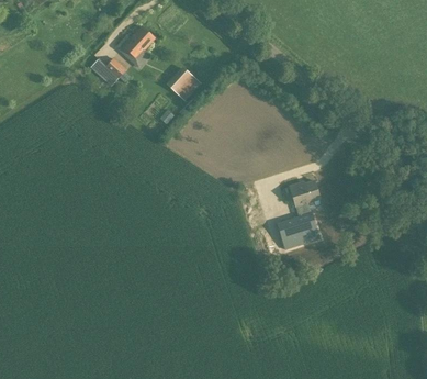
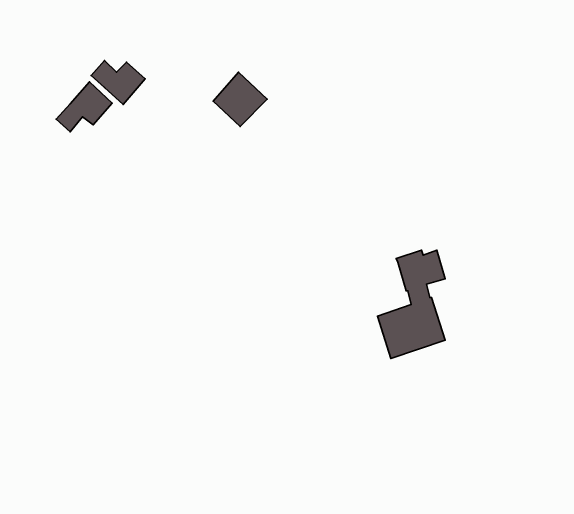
building: [121,25,155,60] -> none
building: none -> [56,82,112,132]

